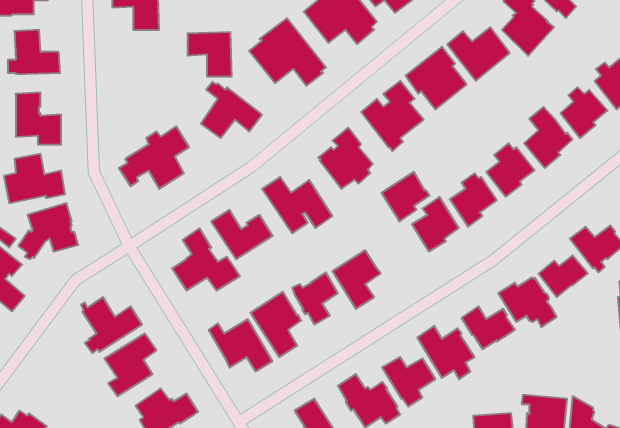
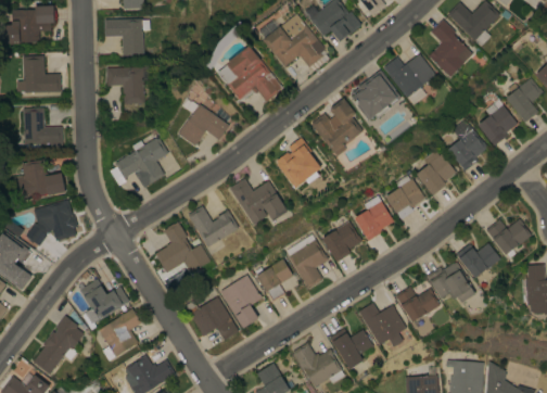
building: [187,32,232,76] -> [106,66,143,103]
building: [381,172,430,222] -> [321,220,361,262]
building: none -> [33,315,84,373]

